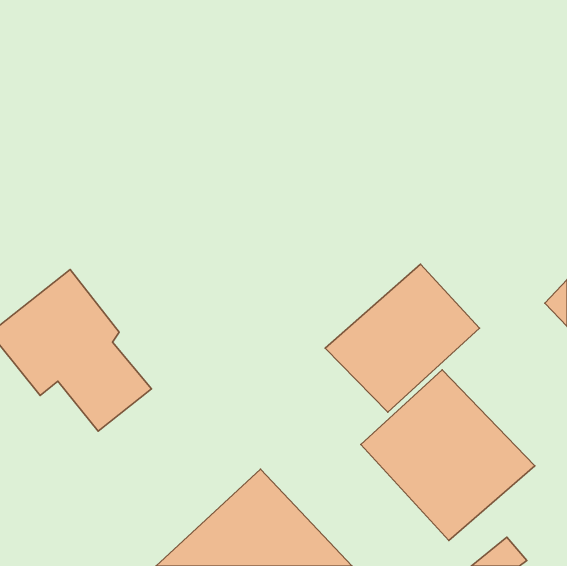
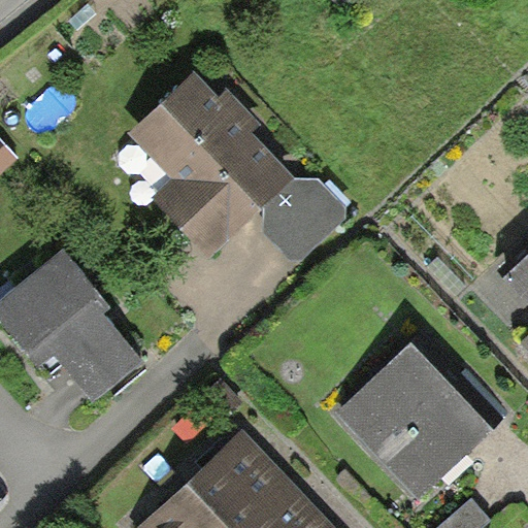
building: none -> [130,71,345,259]
building: [325,264,479,412] -> none

